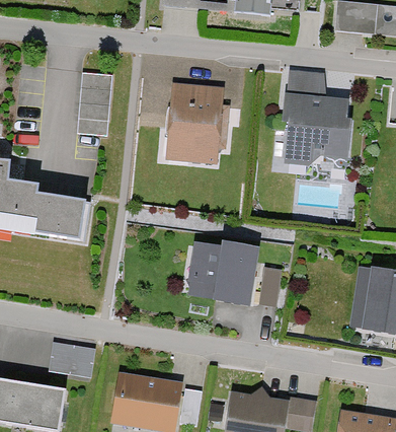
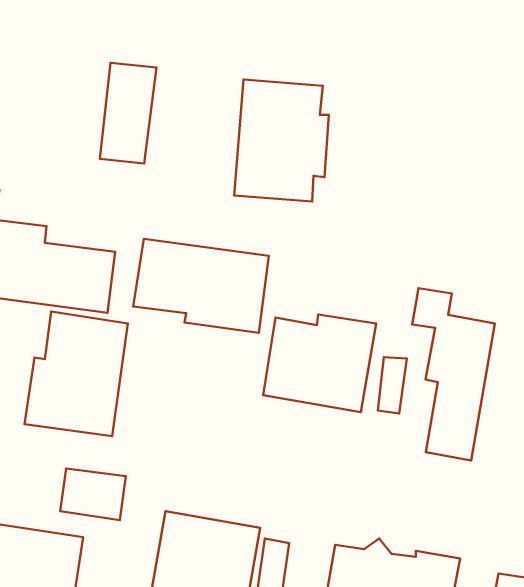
building: [282,71,351,165] -> none
building: none -> [133,239,269,333]
building: none -> [412,288,495,461]
building: none -> [24,311,128,436]

